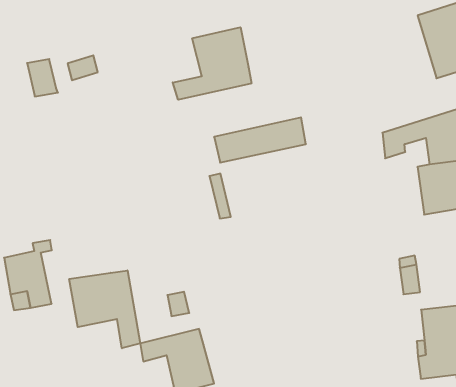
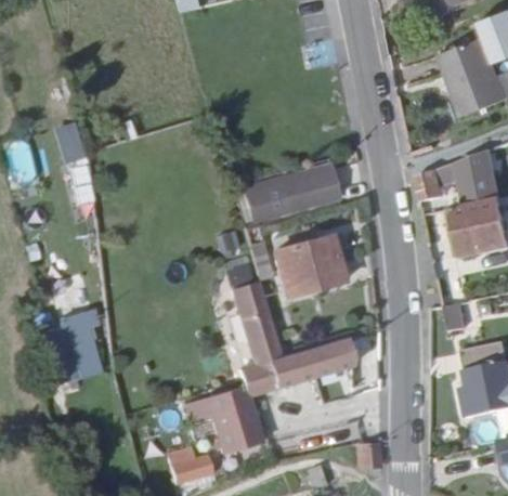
building: [173,27,251,100] -> none
building: none -> [277,234,347,296]
building: none -> [232,275,355,399]
building: [69,270,140,348] -> none

